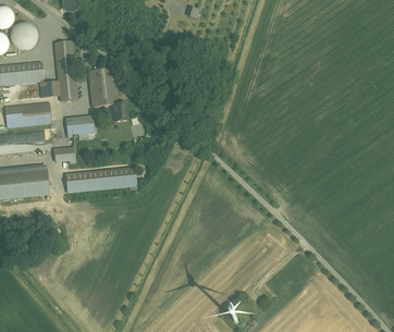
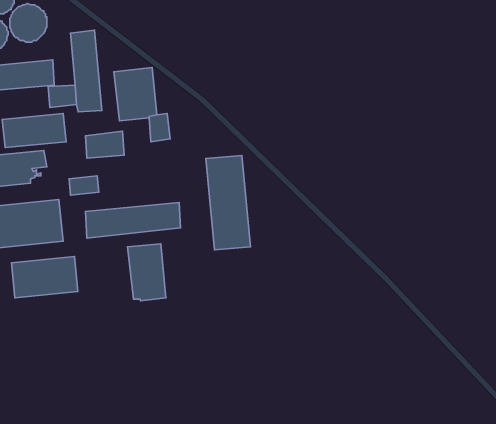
building: none -> [206,155,251,250]
building: none -> [128,244,166,301]
building: none -> [11,256,78,298]

